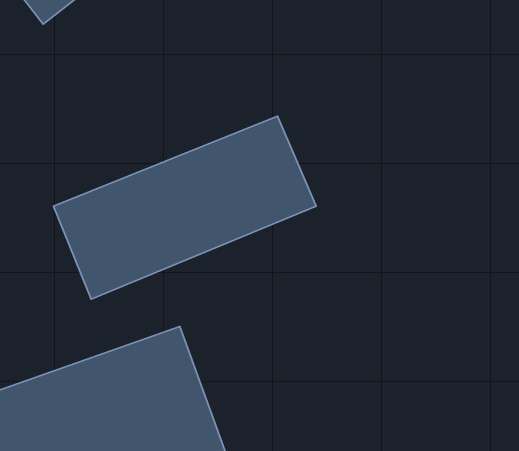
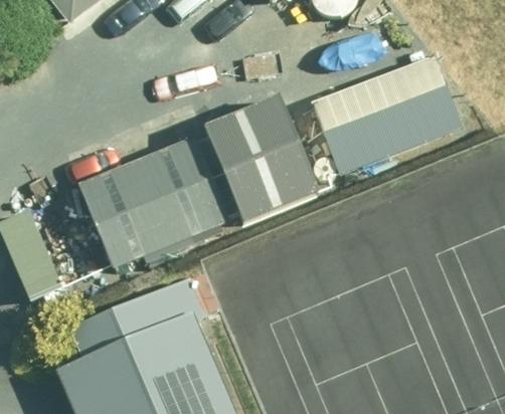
building: none -> [313,54,461,174]

